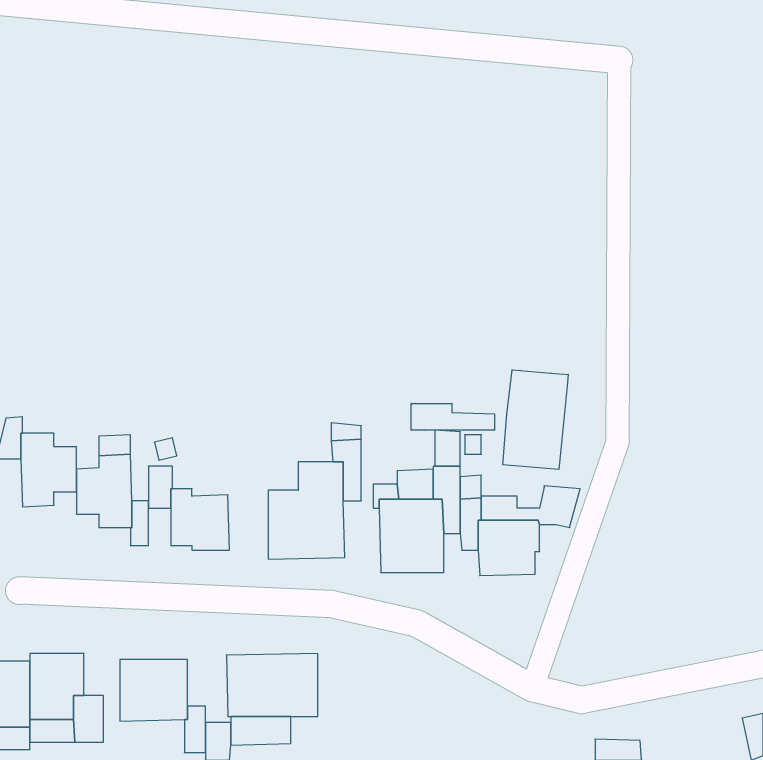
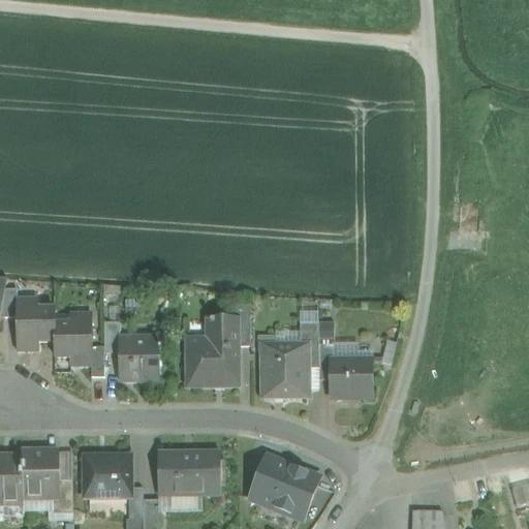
building: [503,370,568,469] -> none
building: [411,403,494,430] -> none
building: none -> [249,458,318,517]

